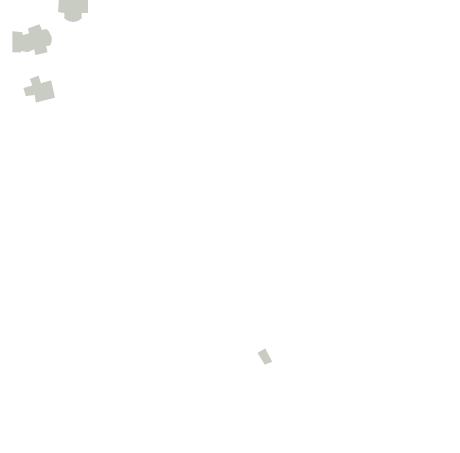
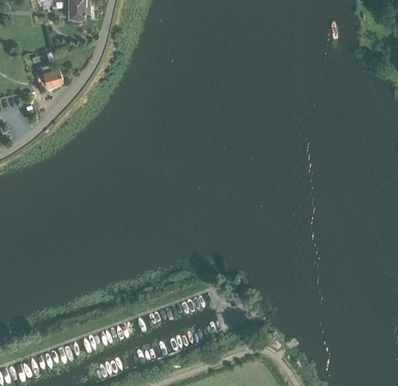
building: [12,24,52,56] -> none

